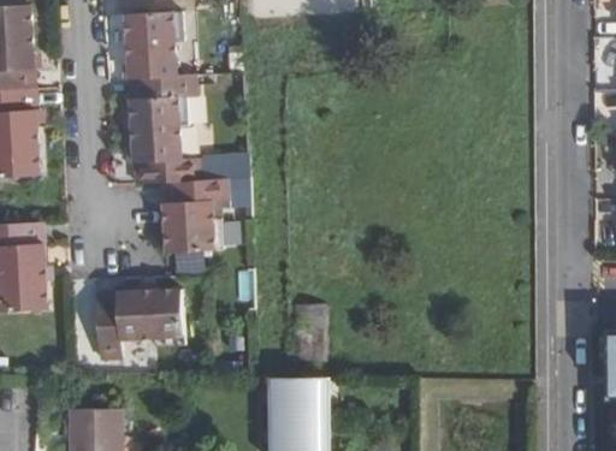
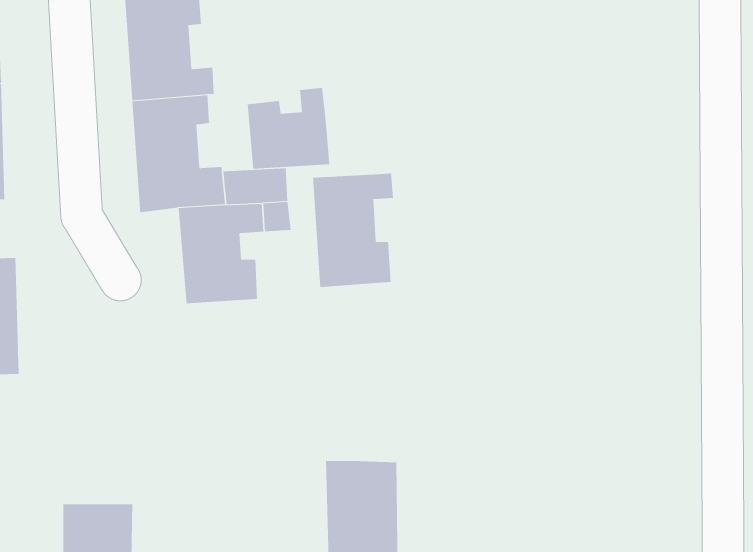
building: none -> [247,87,330,170]
building: none -> [313,172,393,288]
building: [97,289,189,361] -> none

